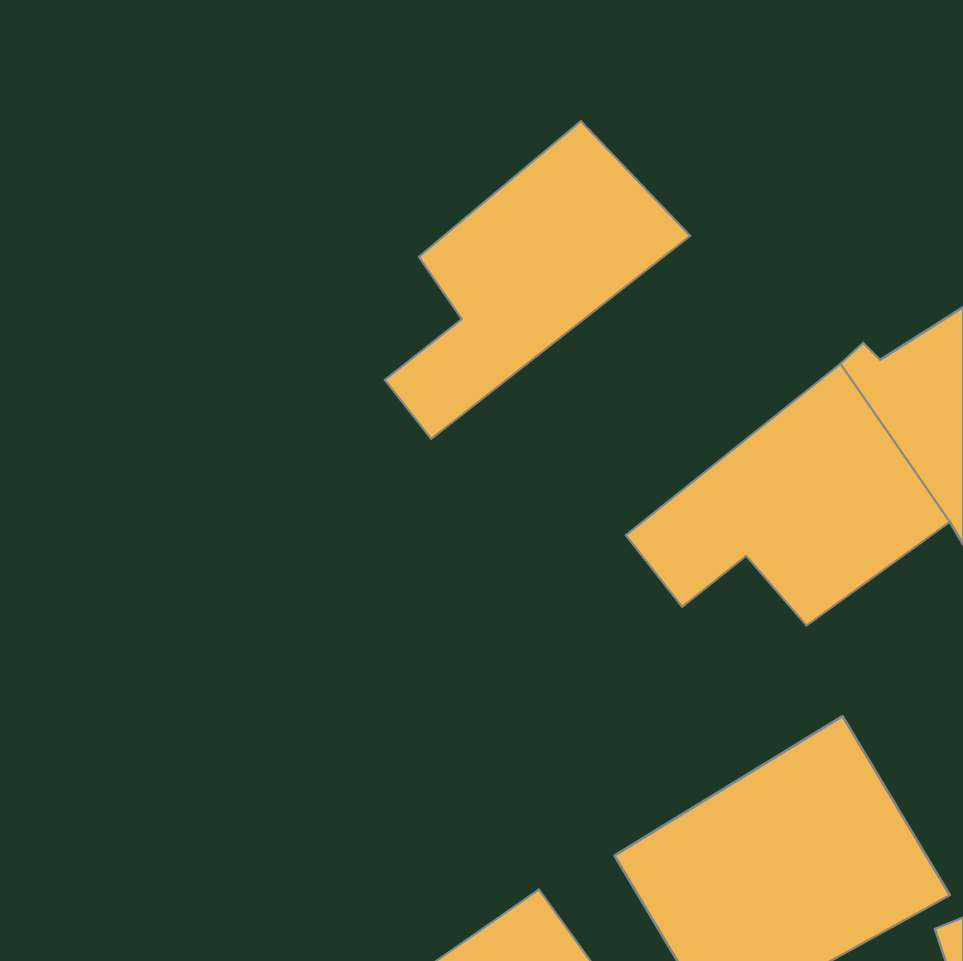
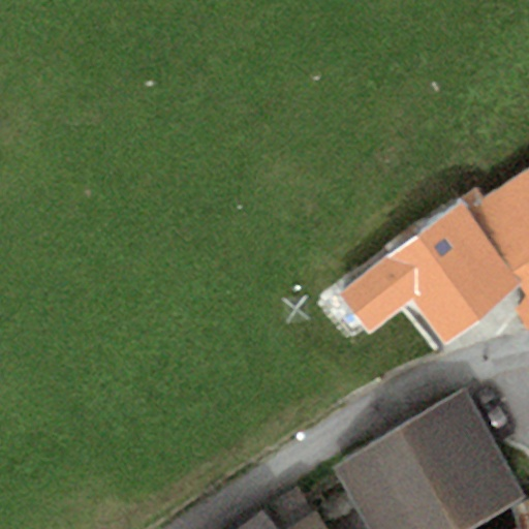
building: [385,121,690,439] -> none

